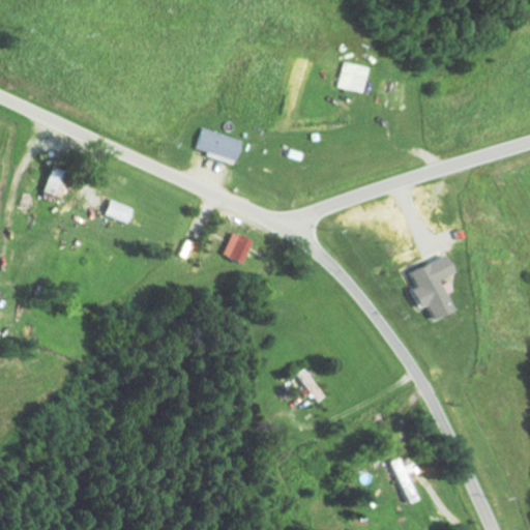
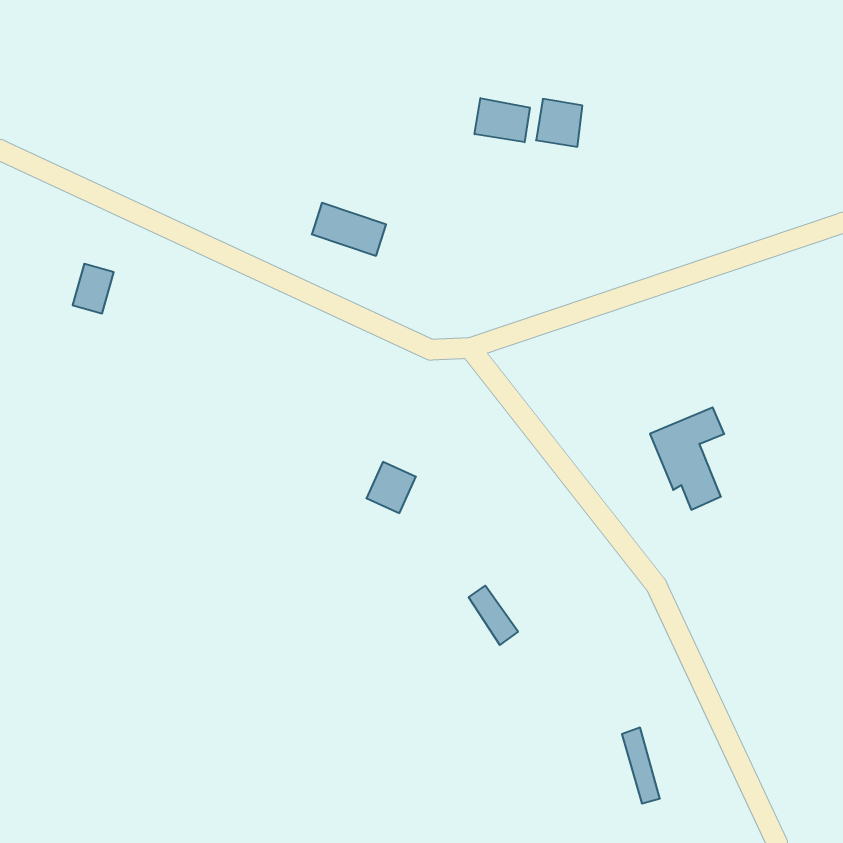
building: none -> [475,98,530,142]
building: [106,201,134,224] -> none
building: [223,231,254,263] -> [366,462,416,513]

